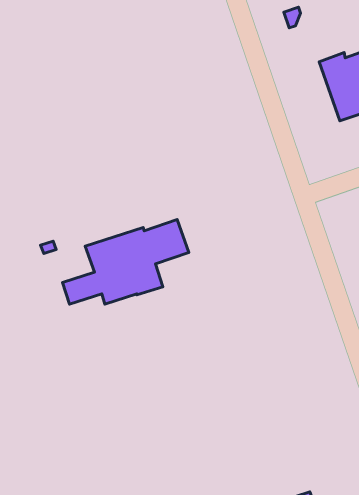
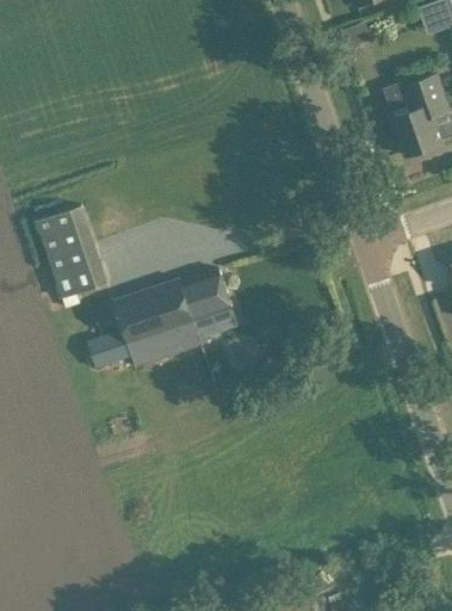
building: none -> [37,205,110,298]

